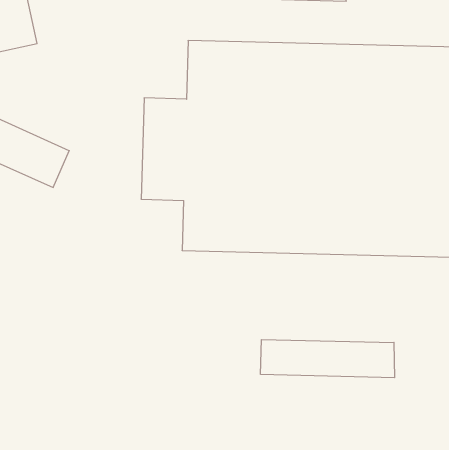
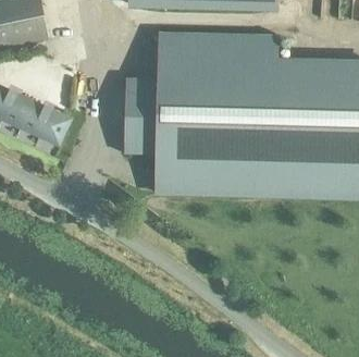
building: [261,340,394,378] -> none

